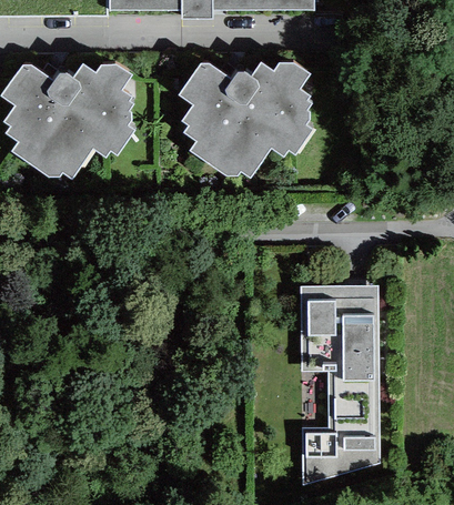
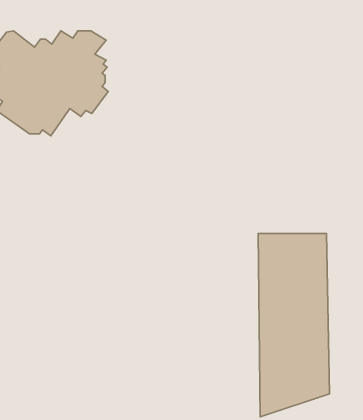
building: [178,61,313,178] -> none

